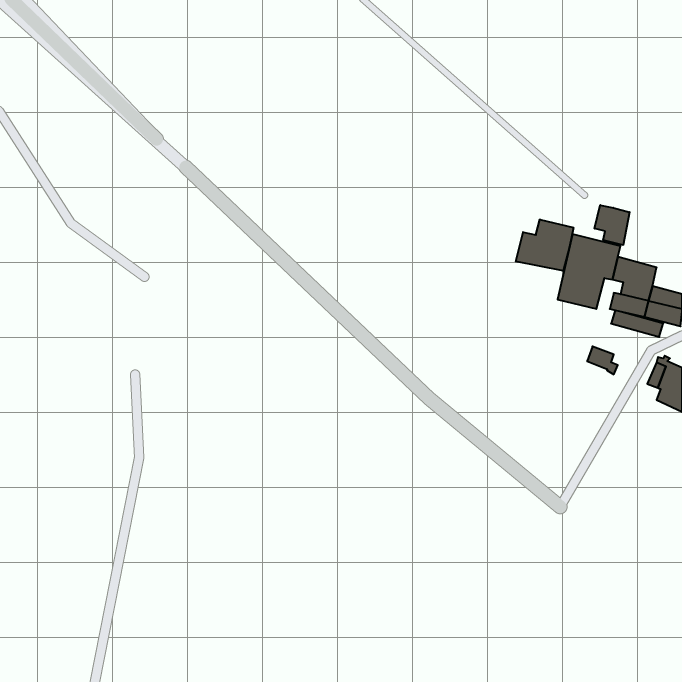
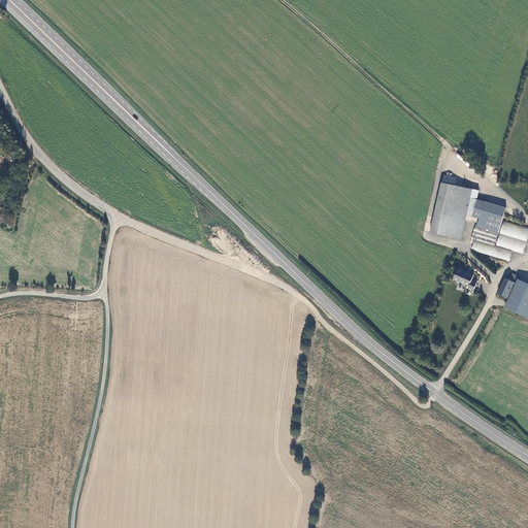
building: [595,205,630,245] -> none
building: [516,219,573,271] -> none

